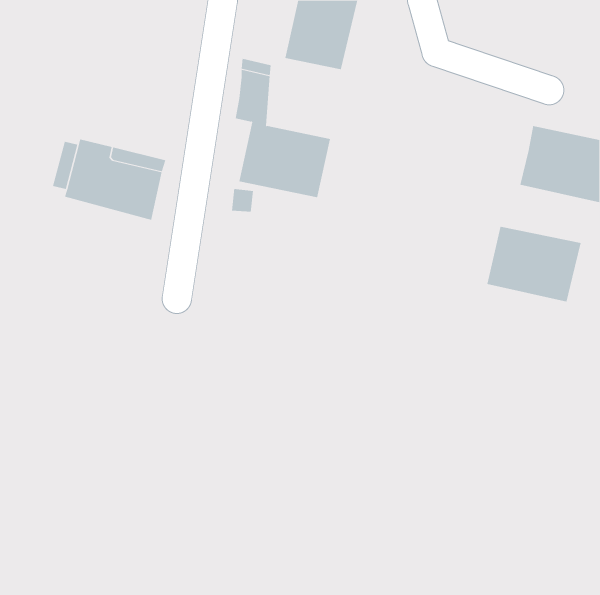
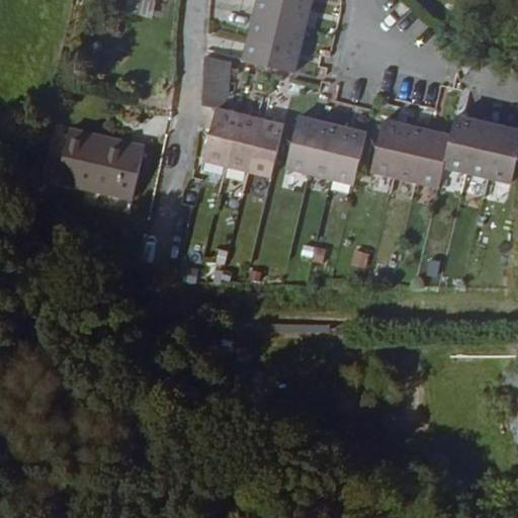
building: none -> [289,111,368,176]
building: [487,226,581,302] -> [369,123,450,188]

